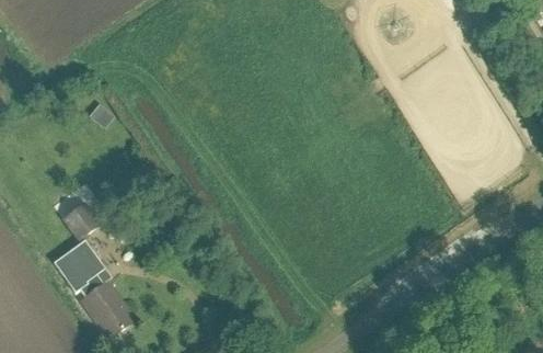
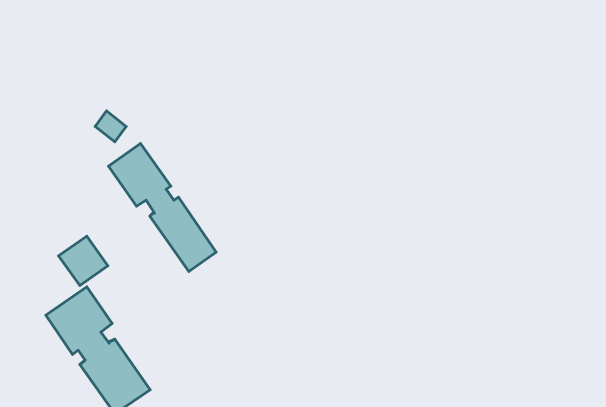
building: none -> [108,144,216,272]

